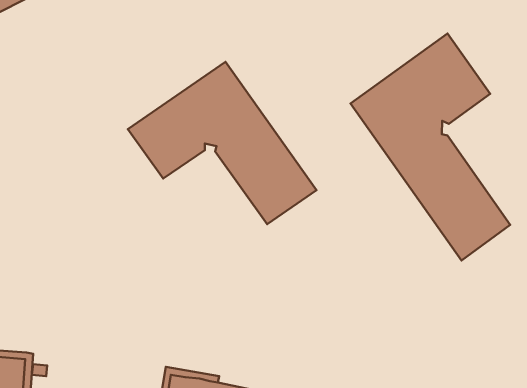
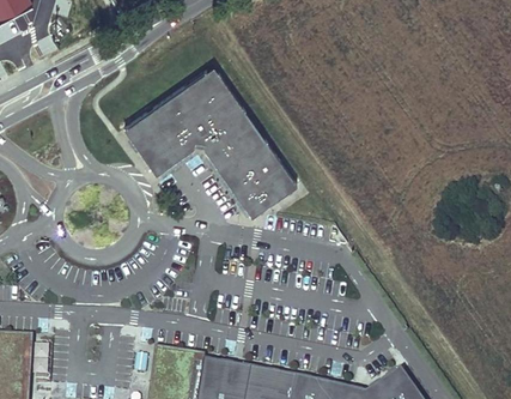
building: [350,33,510,260] -> none

